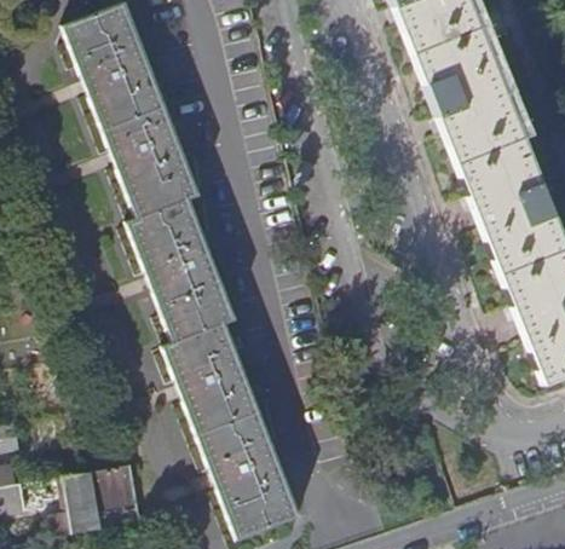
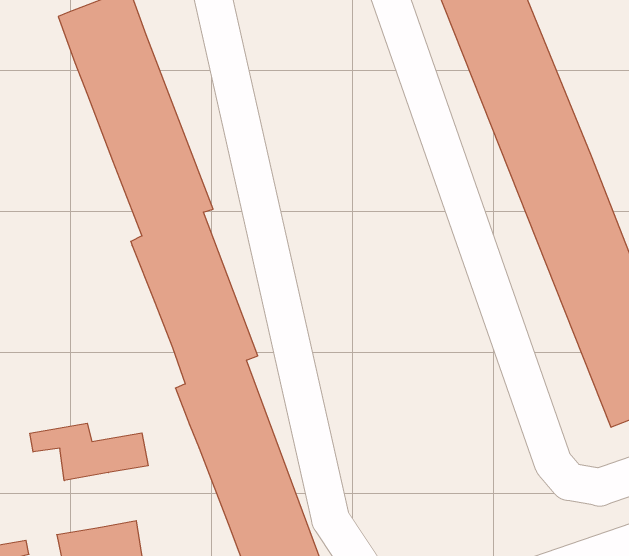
building: none -> [30,423,148,481]

